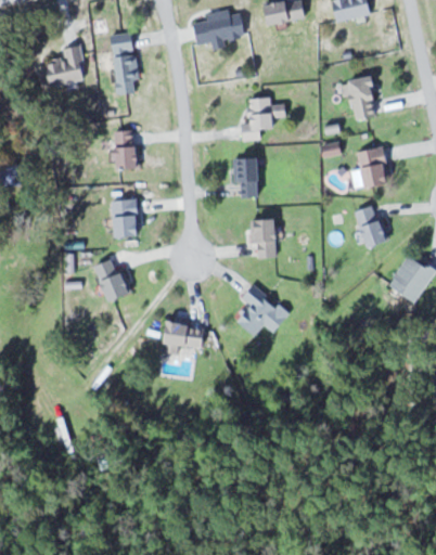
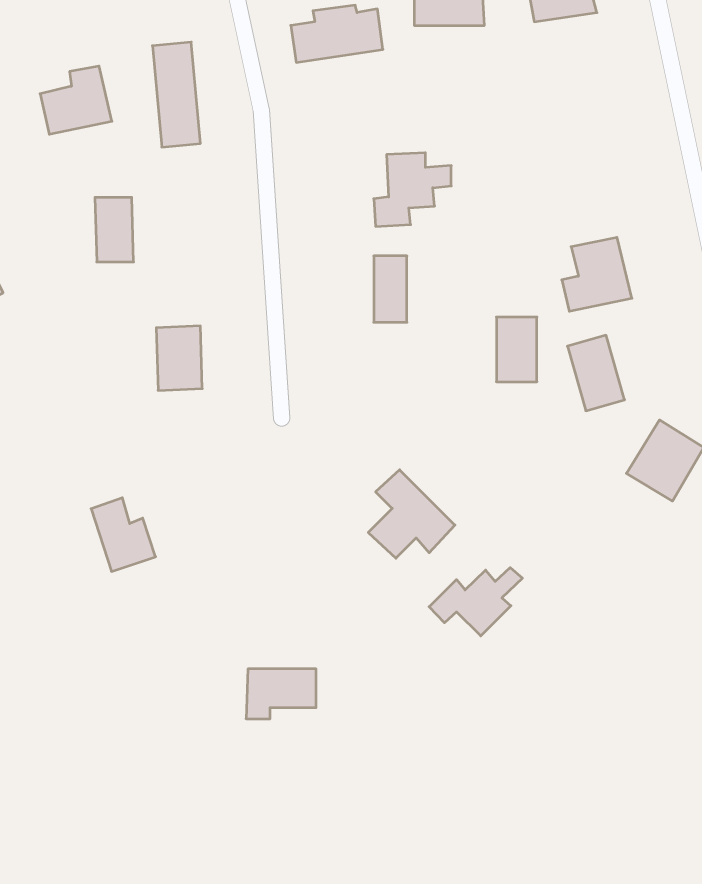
building: [346,77,376,120] -> none
building: [114,131,137,169] -> [95,197,134,262]
building: [252,220,275,258] -> [496,317,537,382]
building: [92,260,130,304] -> [91,498,156,571]
building: [162,324,203,353] -> [246,669,316,719]
building: none -> [429,568,522,636]

